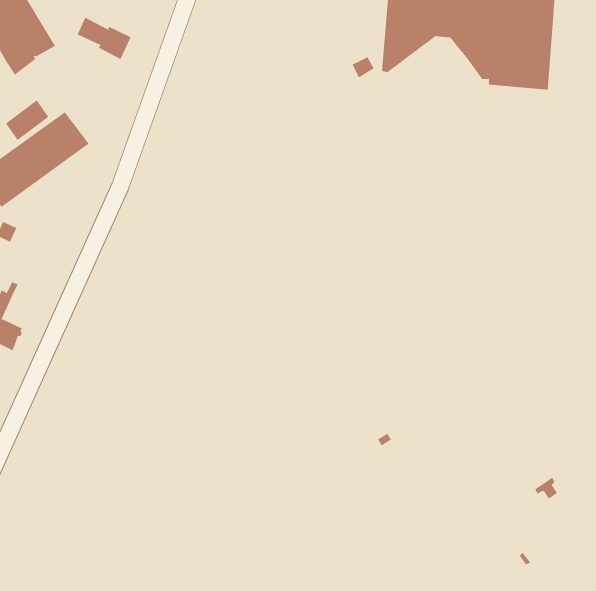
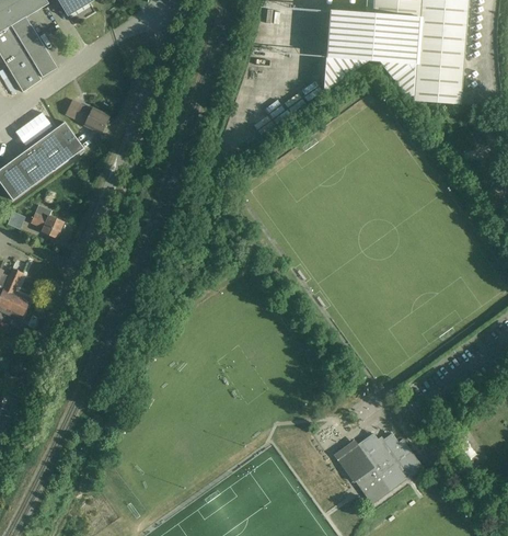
building: [77,17,132,60] -> [65,99,109,134]
building: none -> [31,205,64,238]
building: none -> [336,432,426,504]

